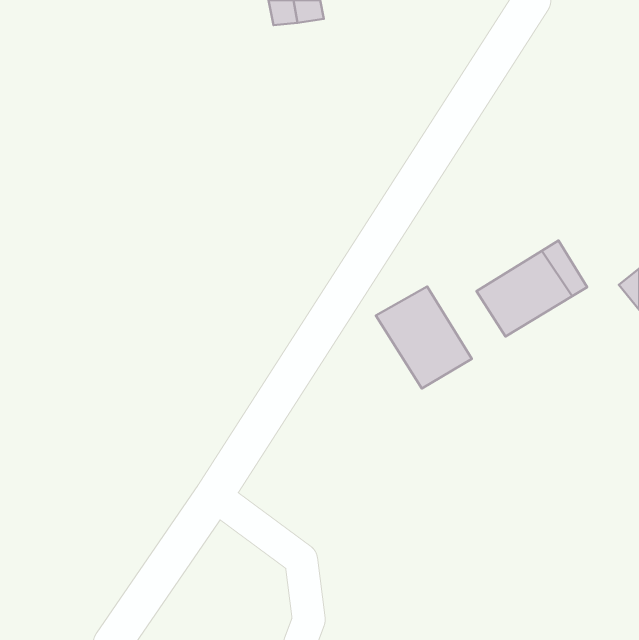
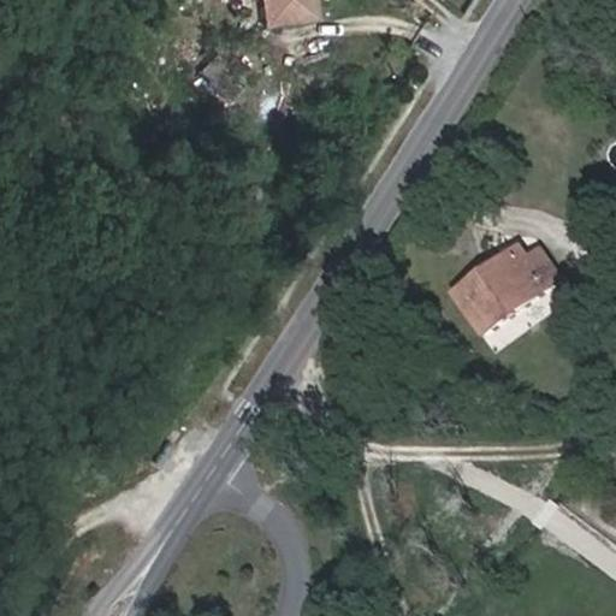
building: [376,287,472,389] -> none

